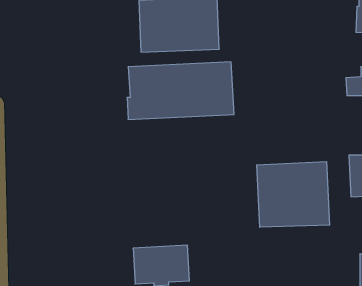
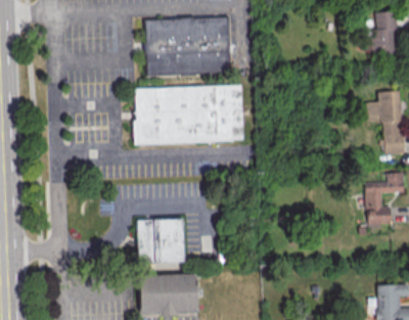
building: [257,162,330,227] -> none
building: none -> [138,218,185,264]

